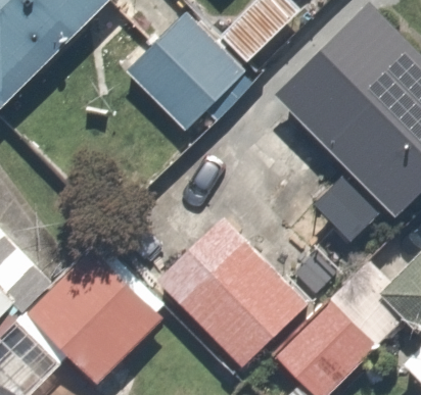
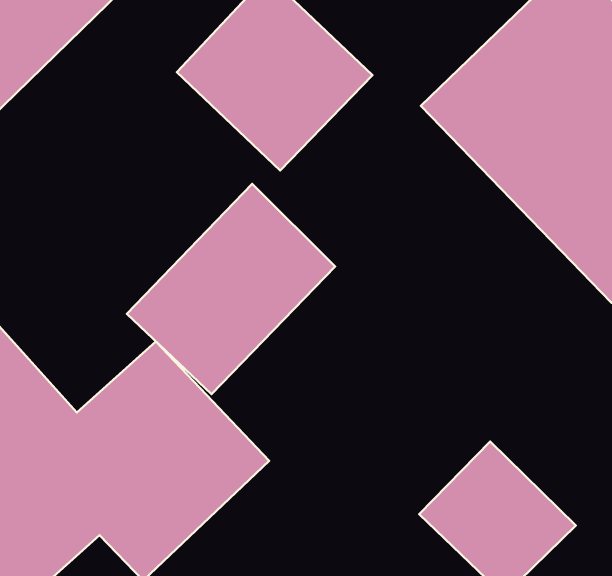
building: none -> [127,184,335,394]
building: [167,223,316,371] -> none

